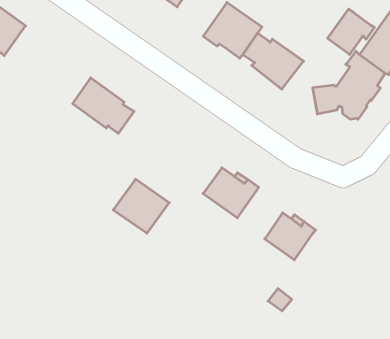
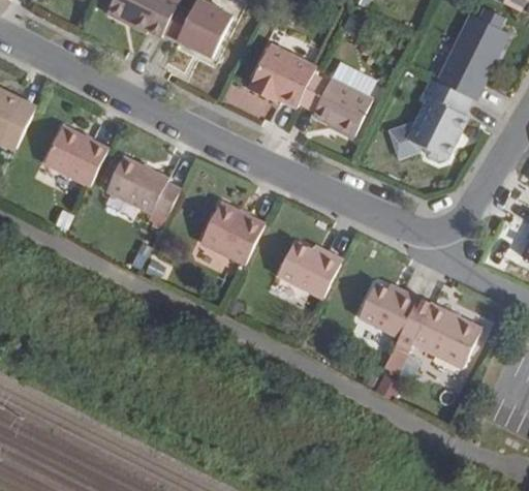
building: [328,9,374,55] -> none
building: none -> [43,125,107,186]
building: [113,179,169,233] -> [199,201,264,263]
building: none -> [393,302,481,367]

